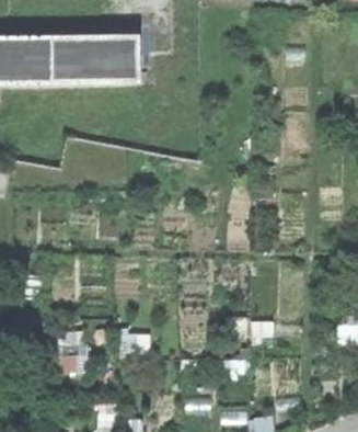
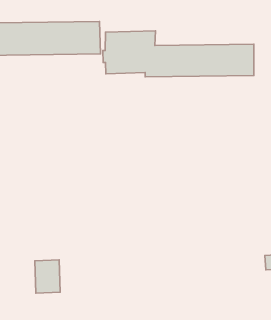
building: none -> [103,31,254,77]

